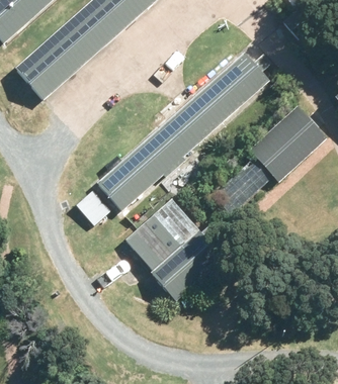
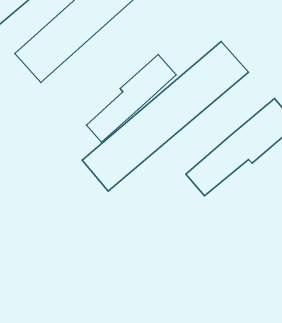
building: none -> [87,55,176,142]
building: [122,196,224,299] -> none

